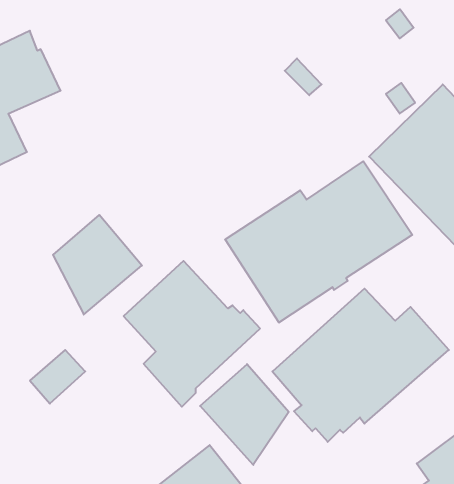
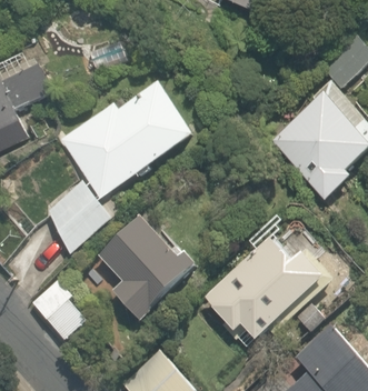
building: [225,161,412,322] -> [58,82,193,199]
building: [200,364,289,465] -> none

